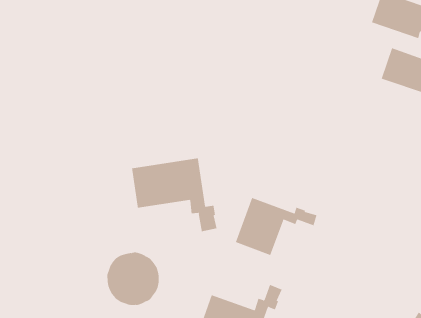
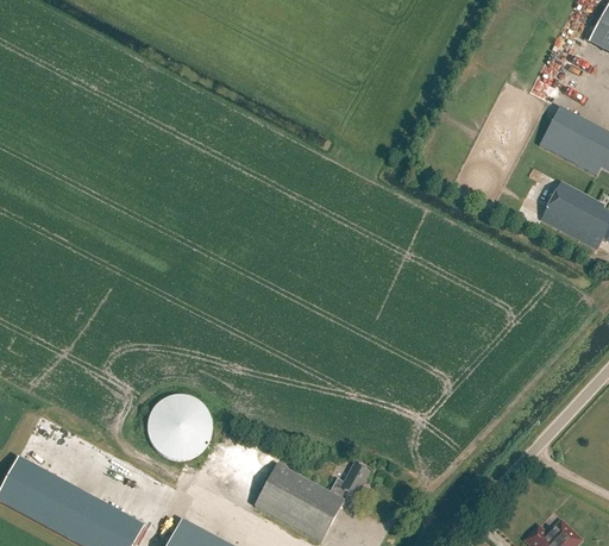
building: [132,157,217,232] -> none
building: [235,197,317,256] -> none

